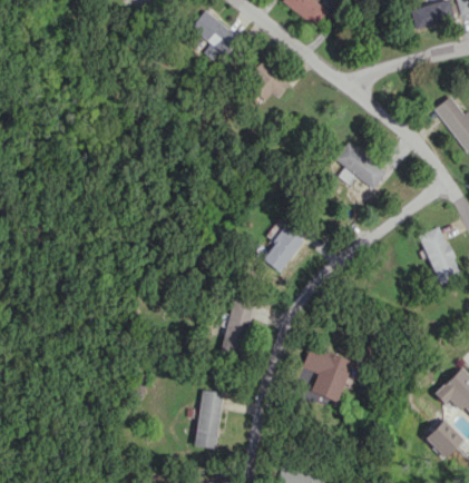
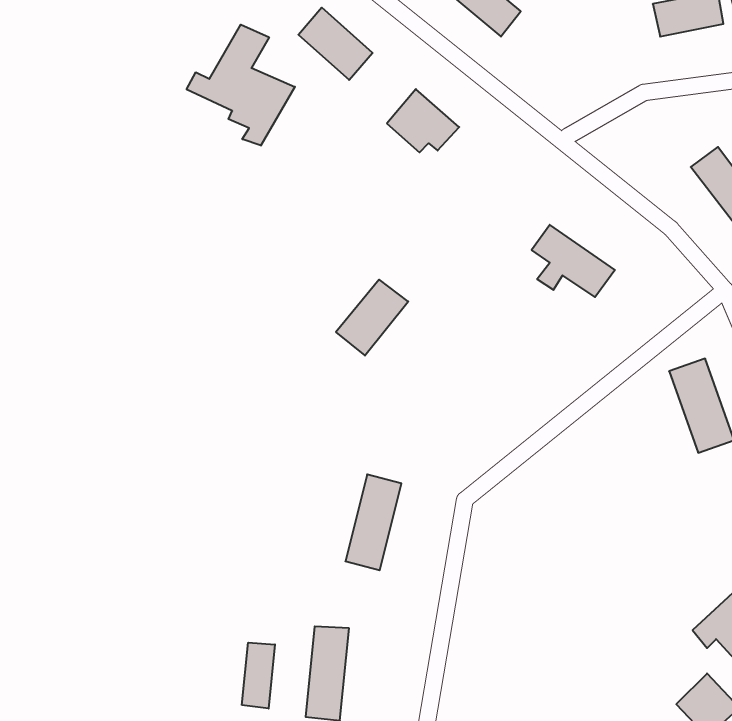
building: none -> [187,25,295,146]
building: [262,225,306,272] -> [336,280,408,356]
building: [303,346,353,402] -> none
building: none -> [242,643,275,709]

